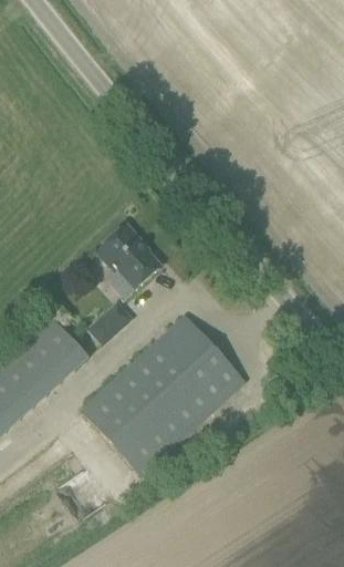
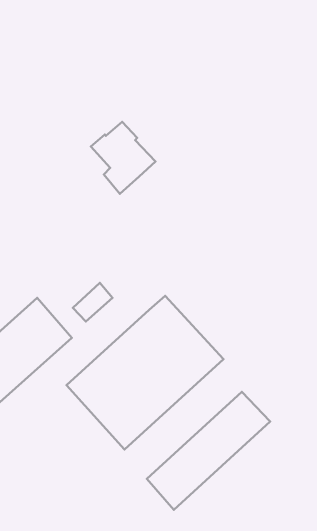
building: [93,225,159,299] -> [91,122,155,194]
building: none -> [147,392,270,510]

